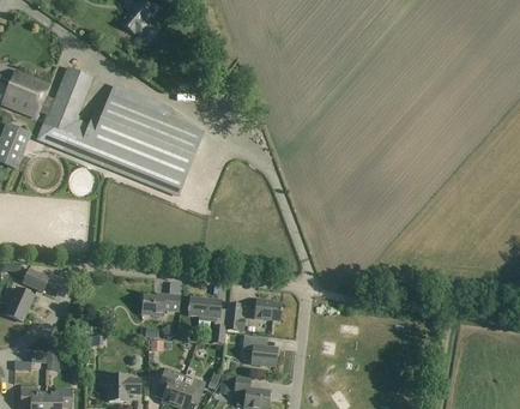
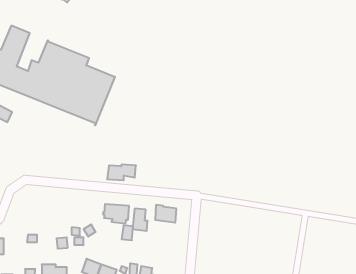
building: [141,294,179,314] -> [107,164,136,180]
building: [242,335,277,366] -> none

